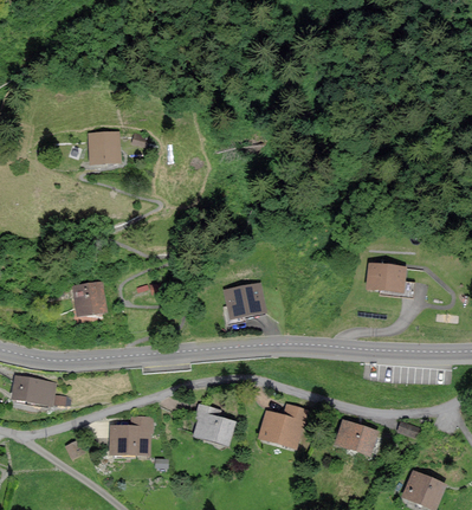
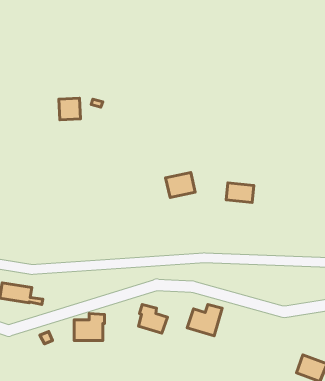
building: [367,264,403,290] -> [226,183,254,203]
building: [72,283,104,315] -> none
building: [225,284,264,317] -> [166,173,195,198]
building: [336,421,375,453] -> none

